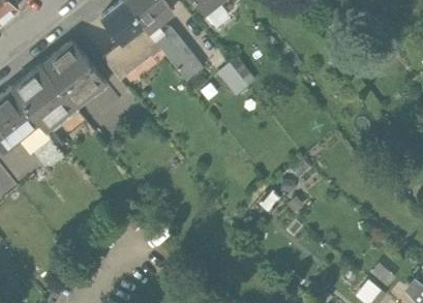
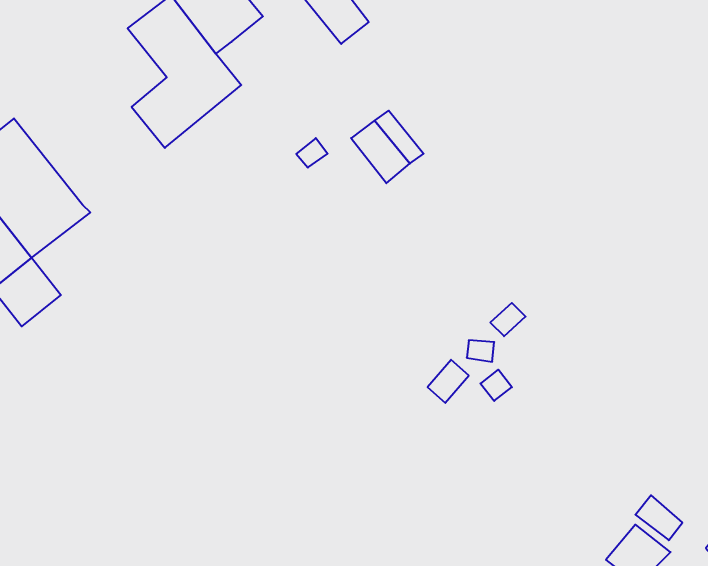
building: [147,25,204,82] -> none
building: [40,41,107,111] -> none

